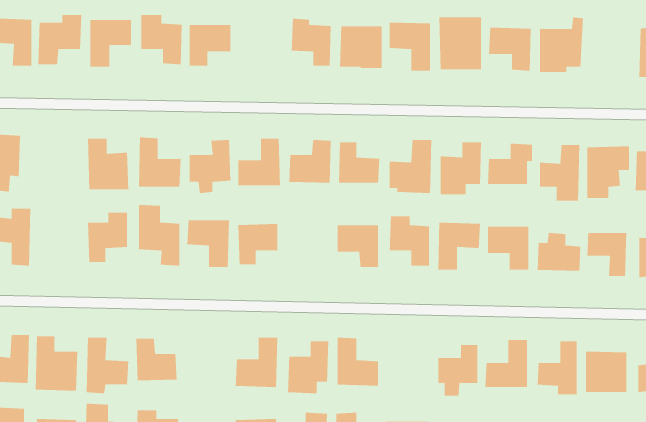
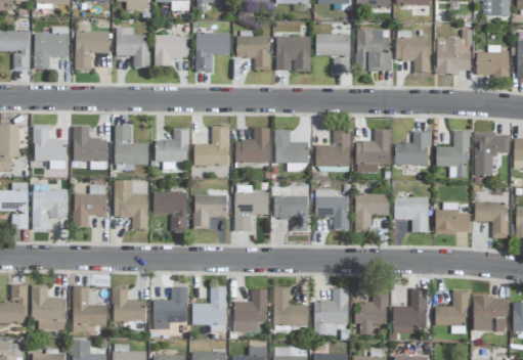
building: none -> [195,25,229,71]
building: none -> [476,45,509,75]
building: none -> [33,126,66,169]
building: none -> [32,183,66,229]
building: none -> [234,184,268,230]
building: none -> [154,286,186,328]
building: none -> [313,287,348,334]

